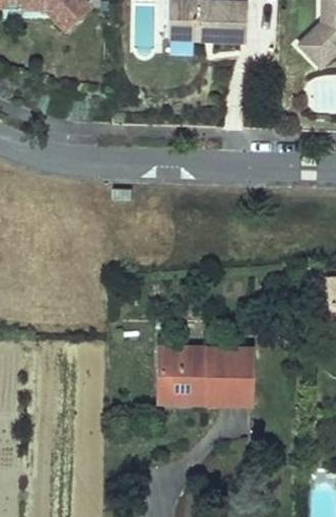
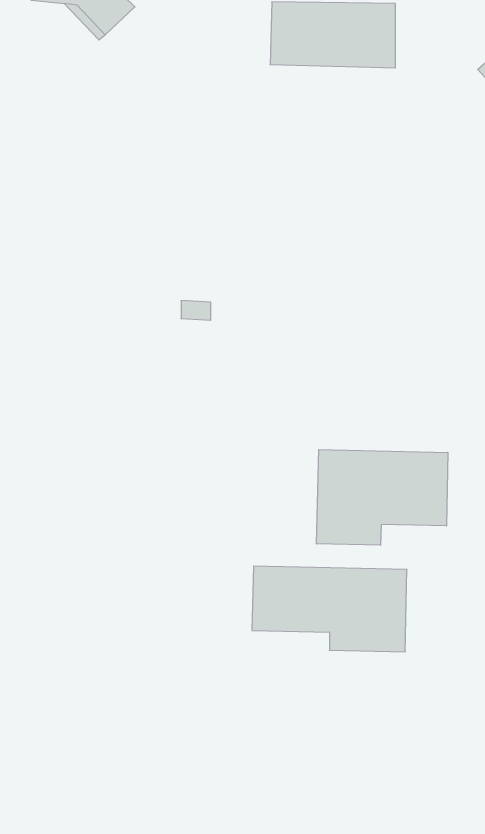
building: none -> [317,450,448,545]

